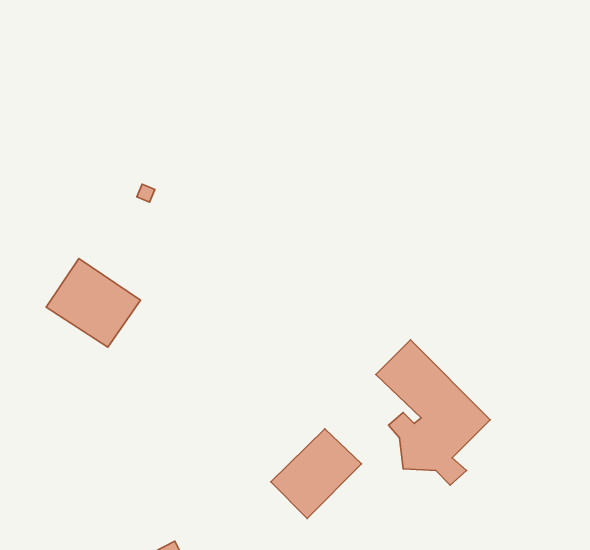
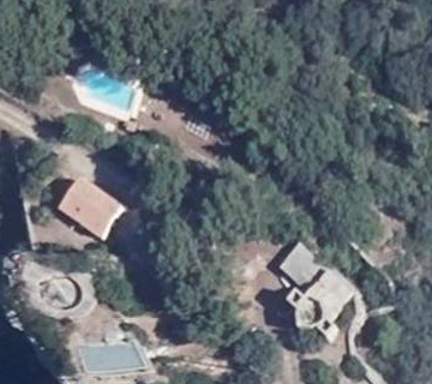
building: [271,429,361,518] -> none

